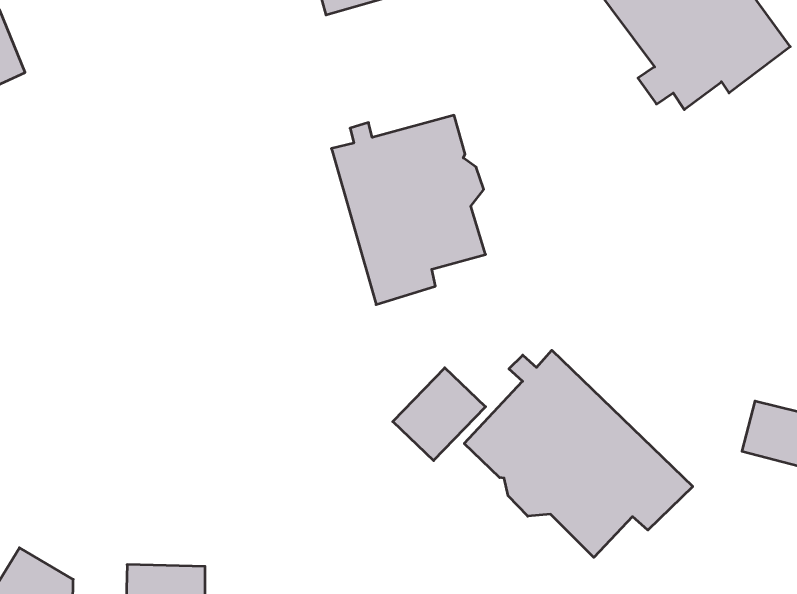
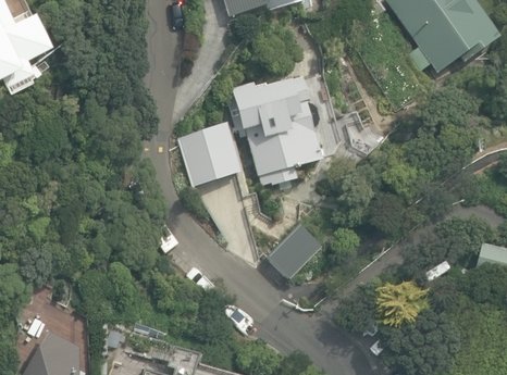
building: none -> [181,122,242,186]
building: [464,350,693,557] -> none

